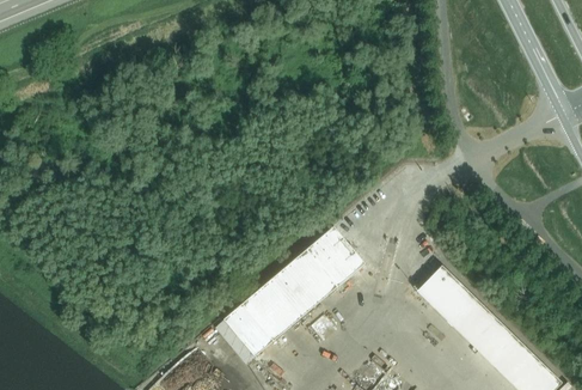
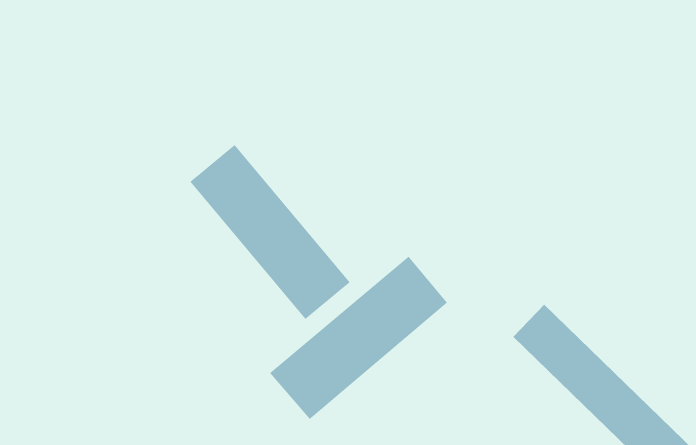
building: none -> [190,144,350,320]

